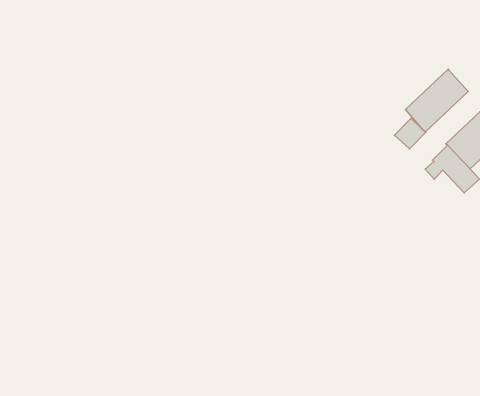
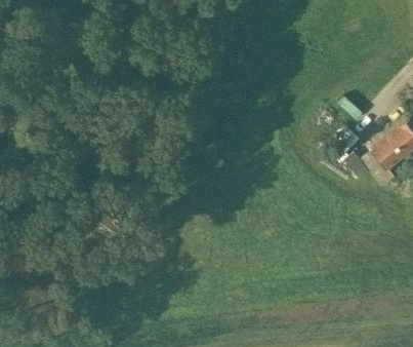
building: [405,69,468,132] -> none

